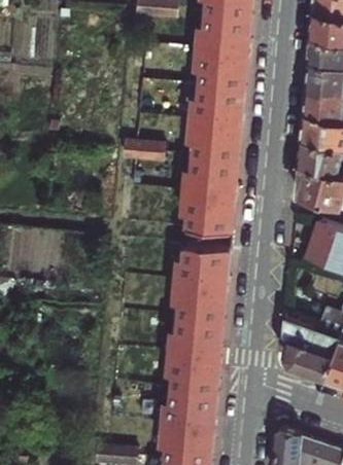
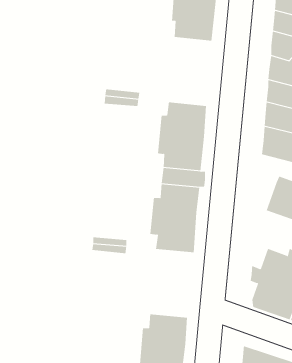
building: [188,78,242,153] -> none
building: [167,311,222,386] -> none

